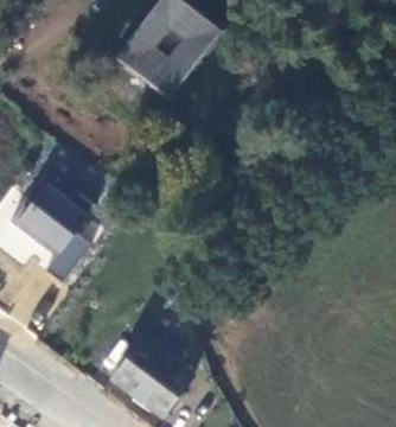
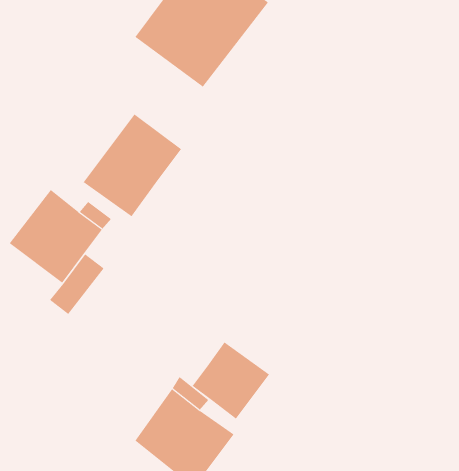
building: none -> [83,114,182,217]
building: none -> [192,341,270,419]

